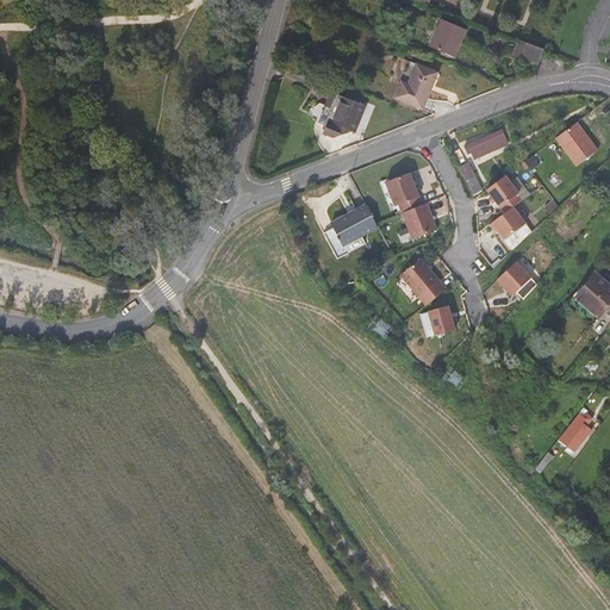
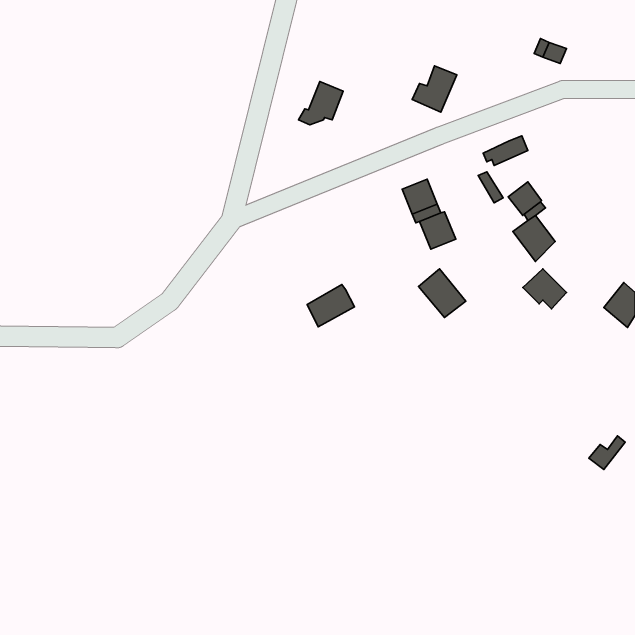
building: [430,19,463,54] -> none
building: [322,95,365,137] -> [299,81,343,125]
building: [558,122,599,164] -> none
building: [329,201,374,242] -> [307,284,354,327]
building: [428,304,455,335] -> none

